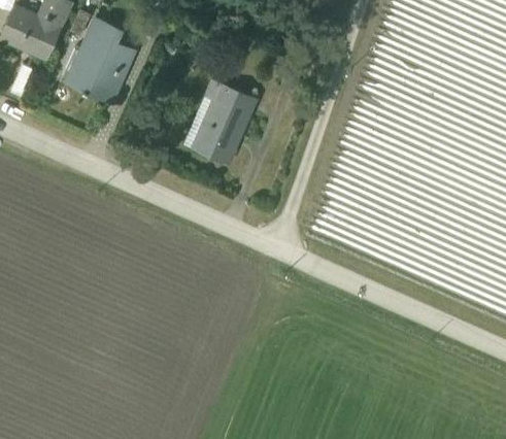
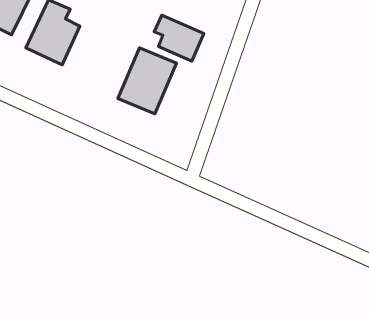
building: none -> [154,15,204,61]

